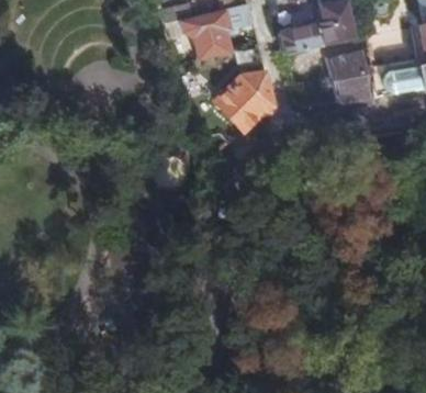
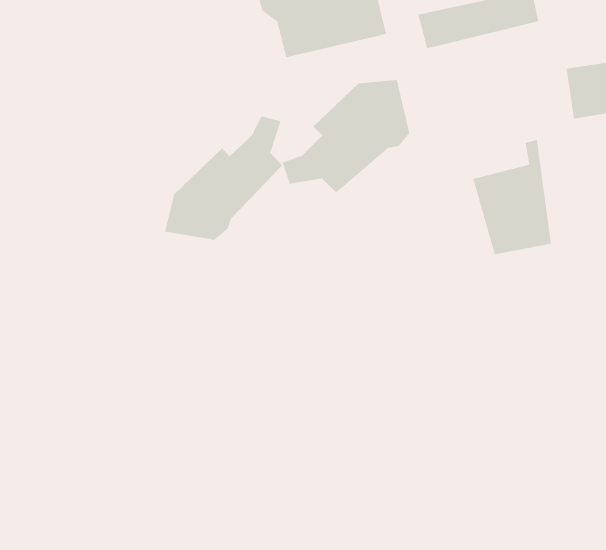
building: [326,33,374,103] -> [472,139,552,255]
building: none -> [164,116,283,241]

